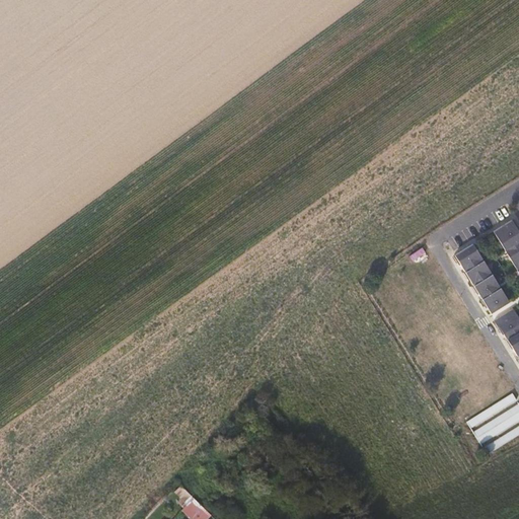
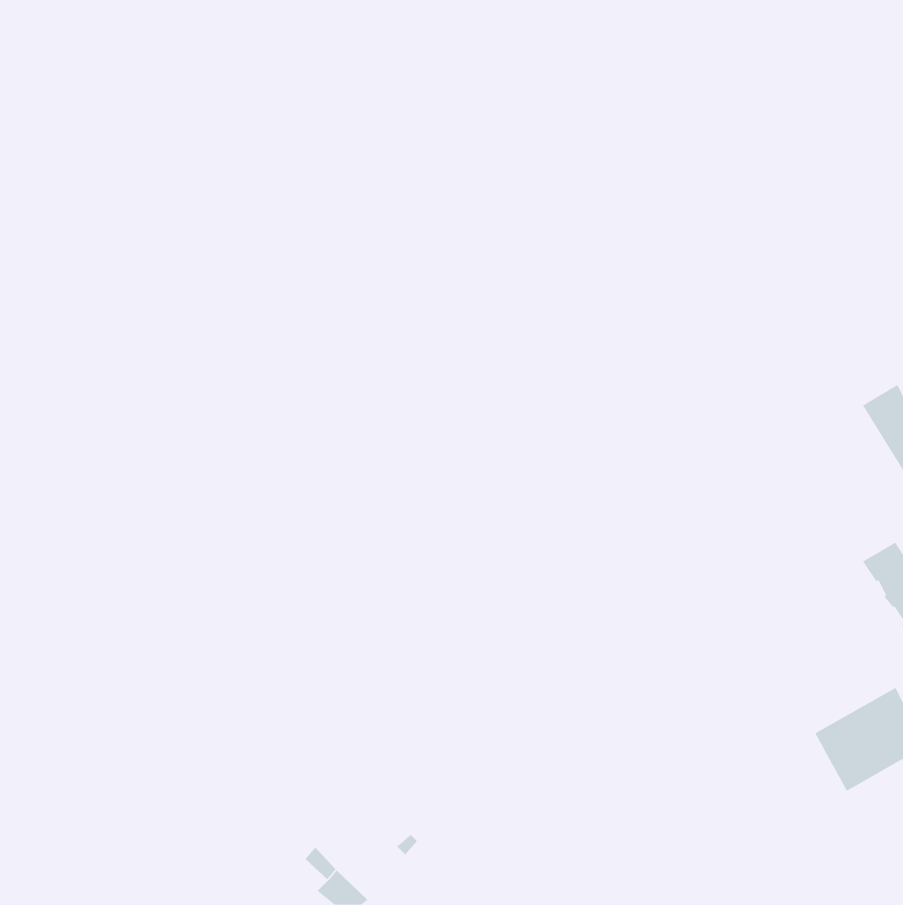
building: [455,245,510,314] -> none

